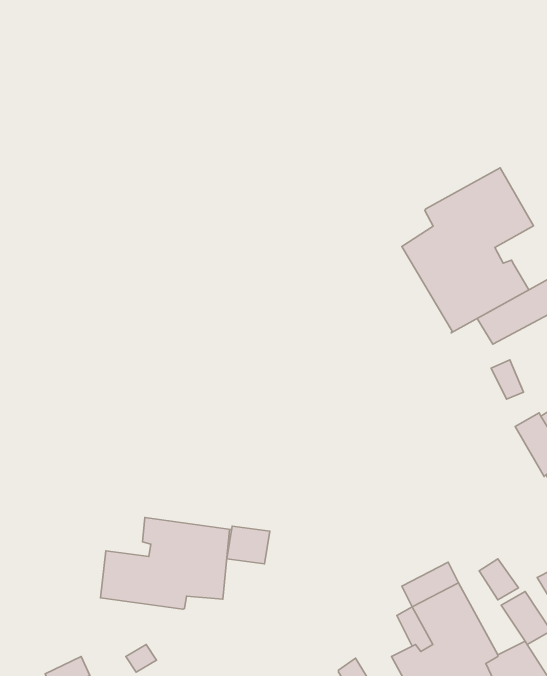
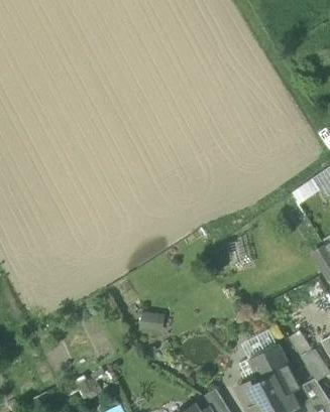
building: [402,168,534,333] -> none
building: [101,518,231,609] -> none

